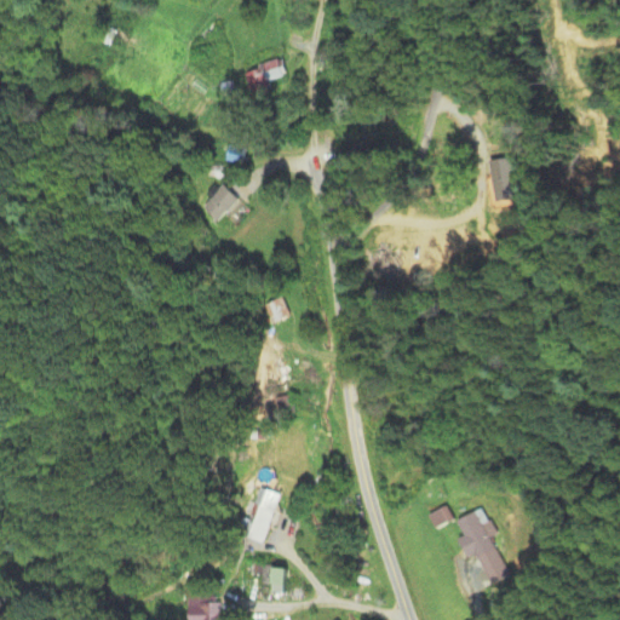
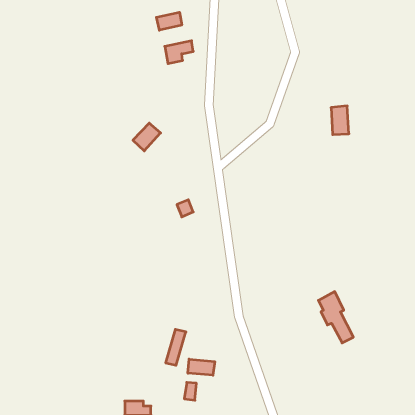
building: none -> [156,12,182,30]
building: [455,507,507,584] -> [318,292,353,343]
building: none -> [188,359,215,375]

